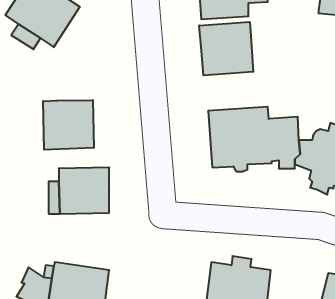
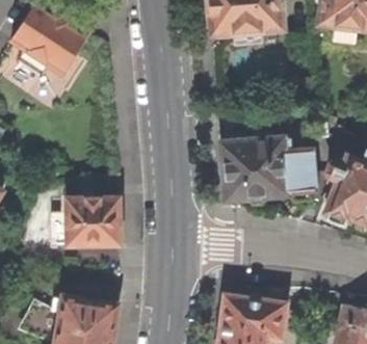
building: [199,22,253,75] -> none
building: [43,100,94,150] -> none

